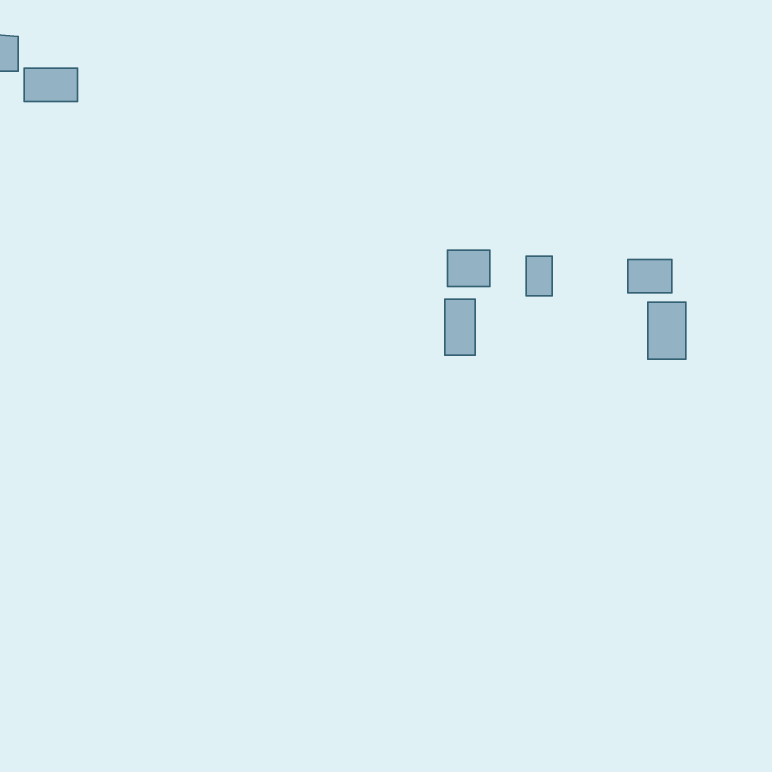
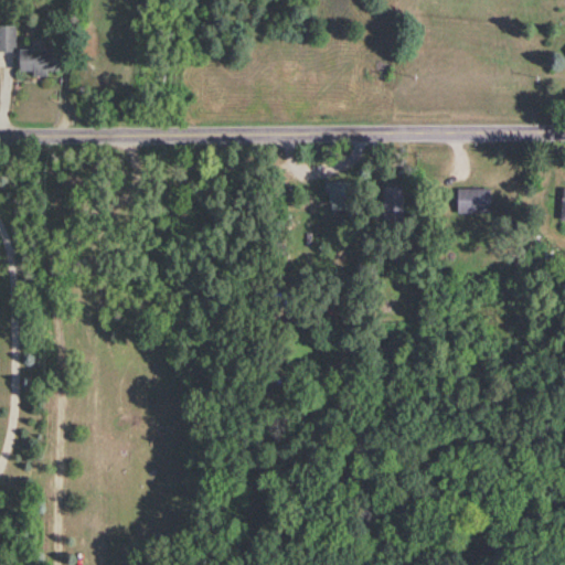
building: [445,299,475,355] -> none
building: [648,302,686,359] -> none

